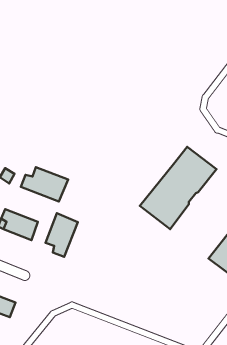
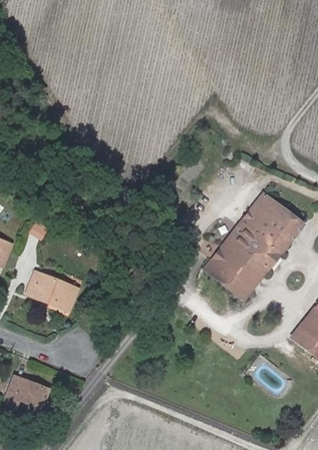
building: [21,167,68,202] -> none
building: [46,213,78,257] -> none

